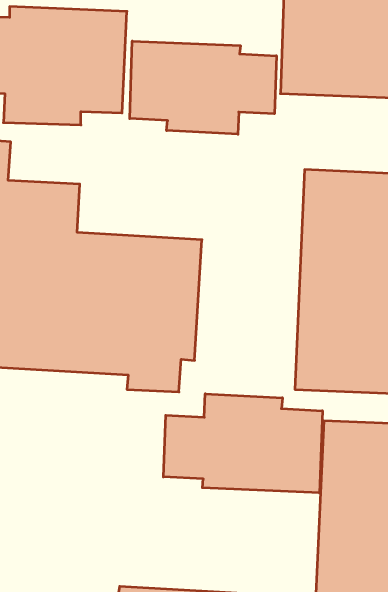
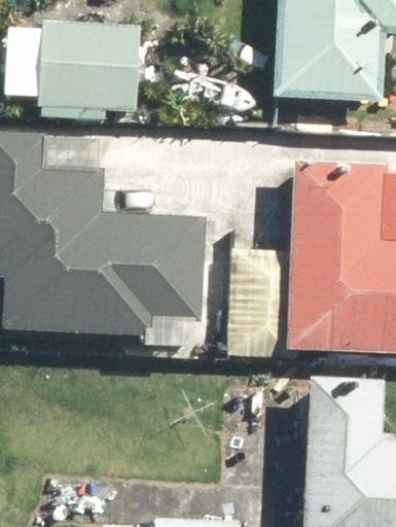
building: [130,41,276,134] -> none
building: [163,394,322,493] -> none

